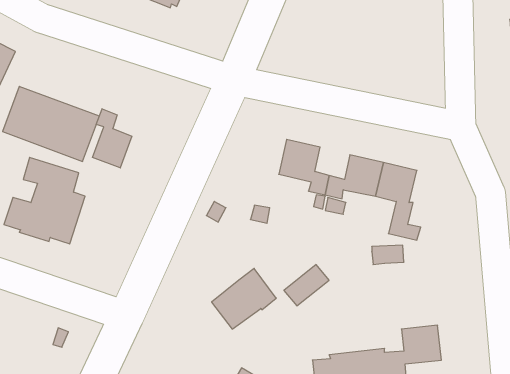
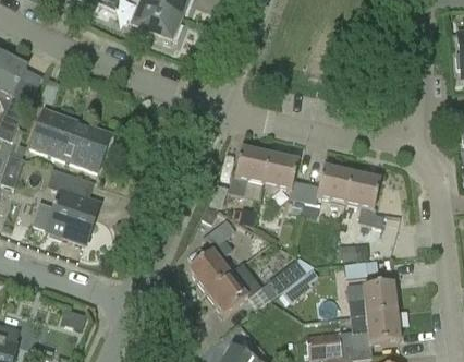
building: [93,109,132,168] -> none
building: none -> [227,146,269,195]
building: none -> [187,218,234,290]
building: none -> [344,272,396,313]

